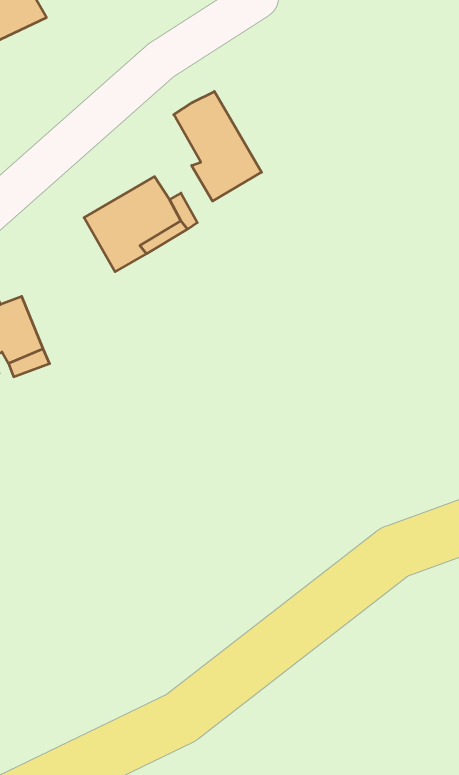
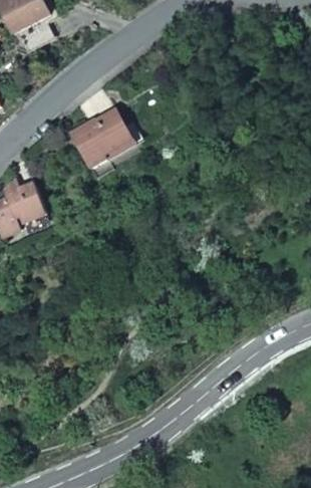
building: [174,91,262,201] -> none

